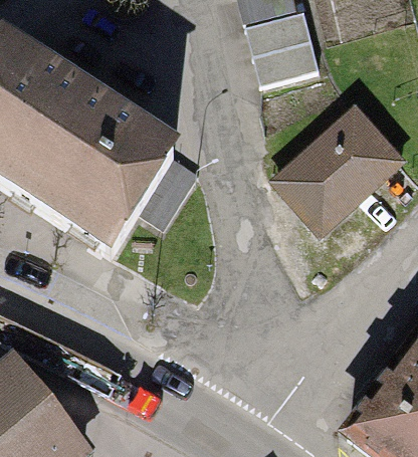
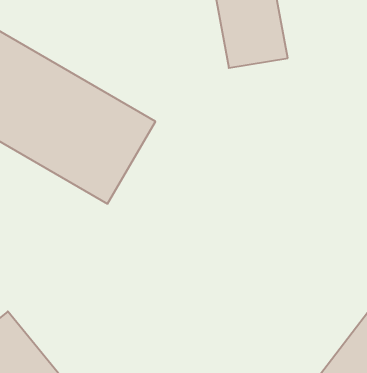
building: [270,116,397,239] -> none

